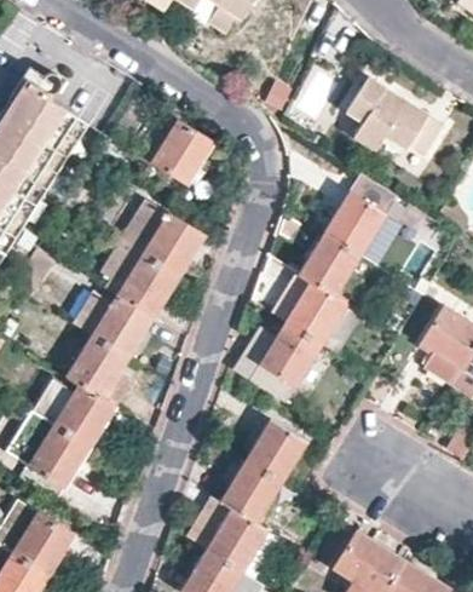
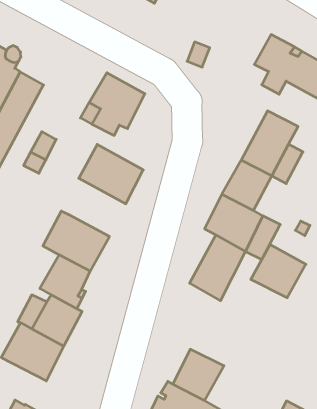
building: [103,241,178,315] -> none
building: none -> [251,245,306,298]
building: [244,418,308,483] -> none

